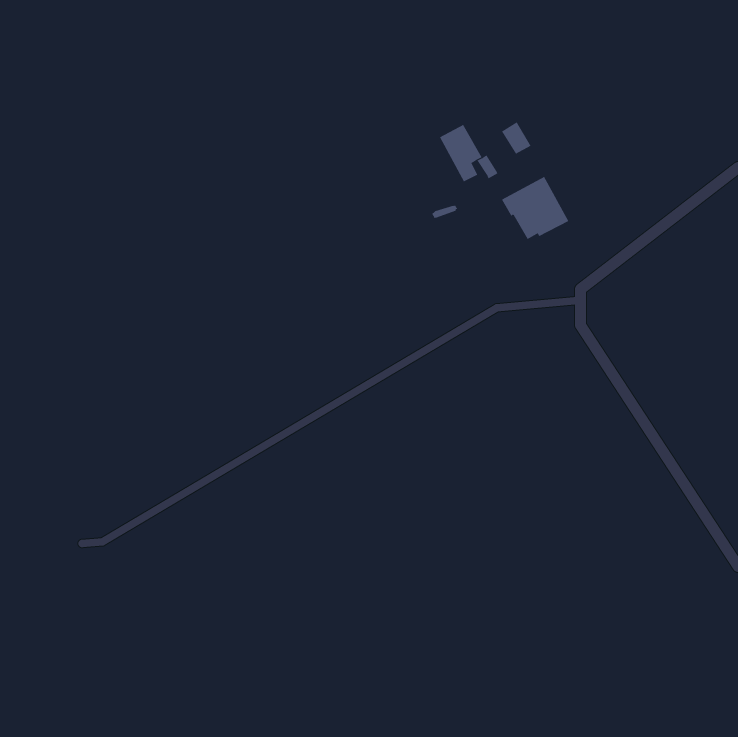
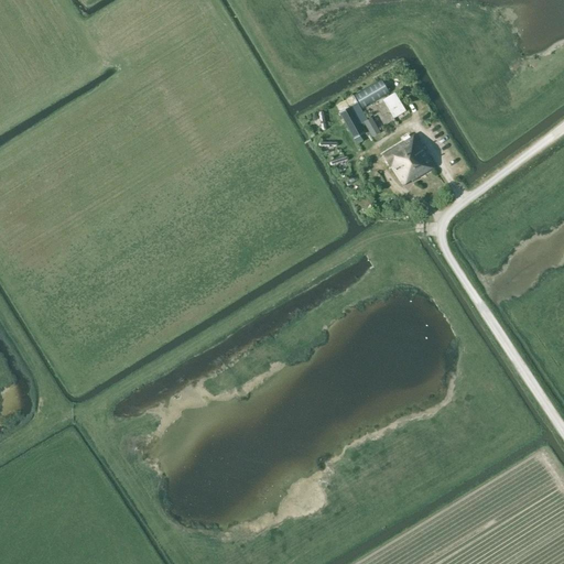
building: none -> [354,80,390,110]

